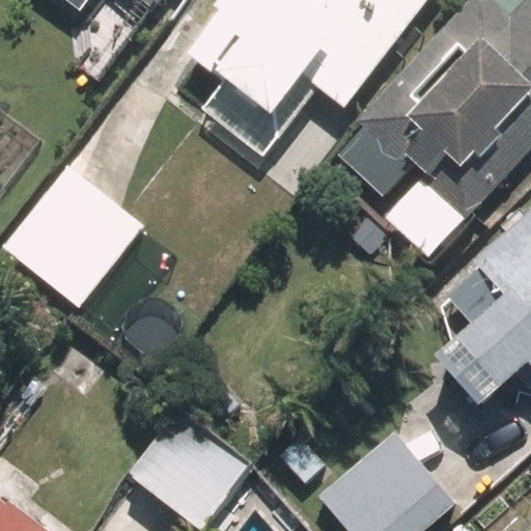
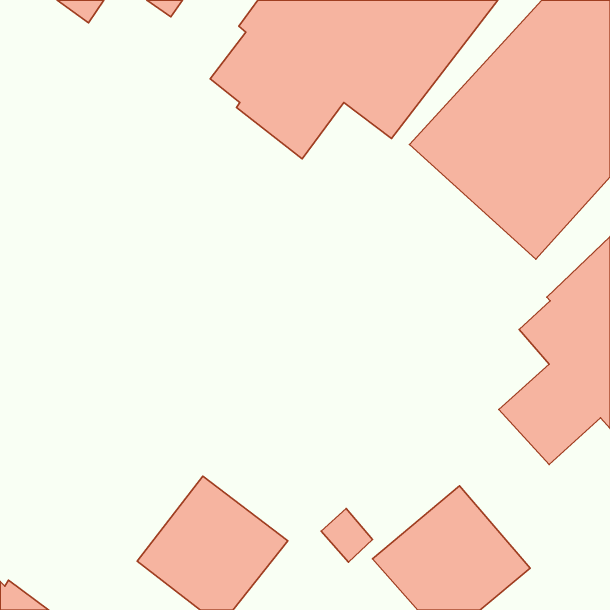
building: [7,175,143,309] -> none

